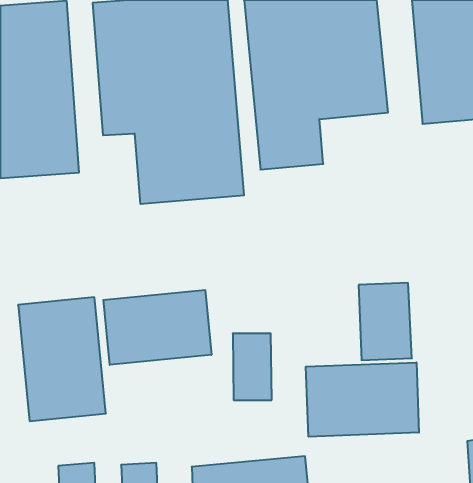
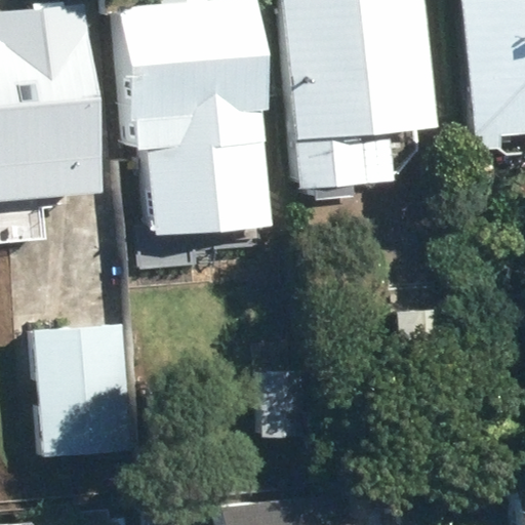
building: [103,290,211,365] -> none
building: [306,362,419,437] -> none

